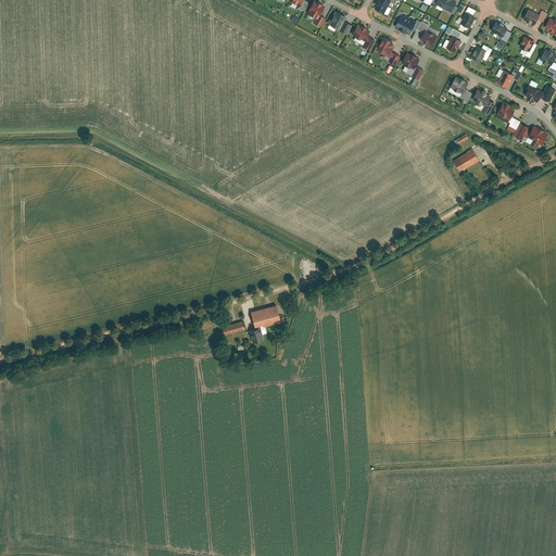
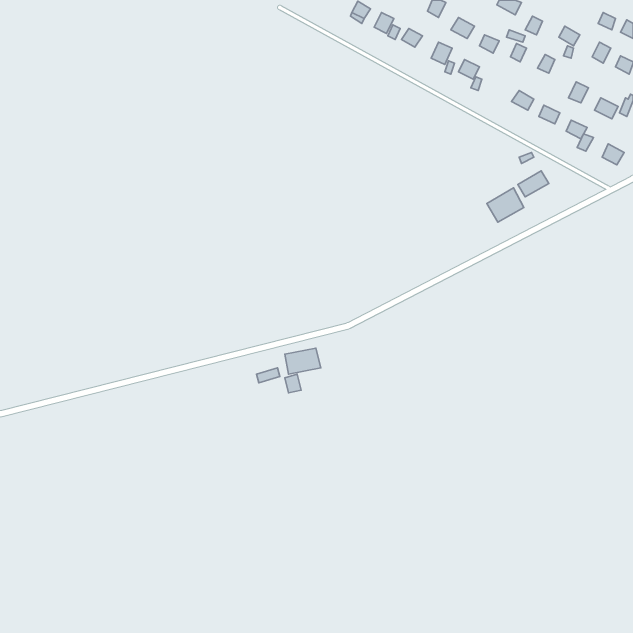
building: none -> [487,188,524,222]

